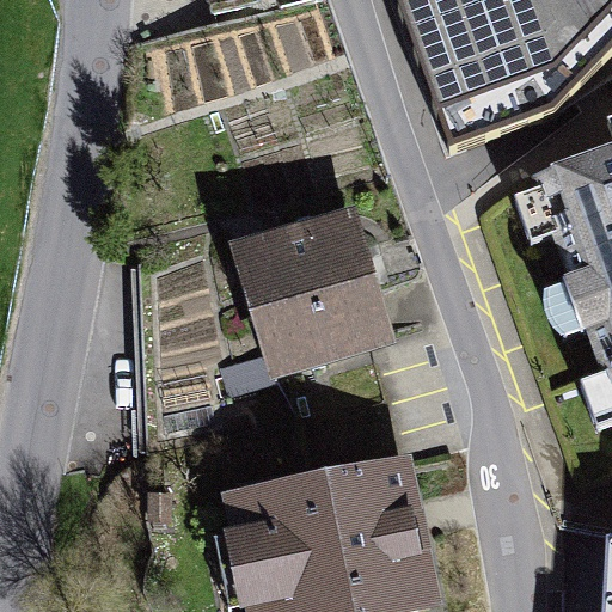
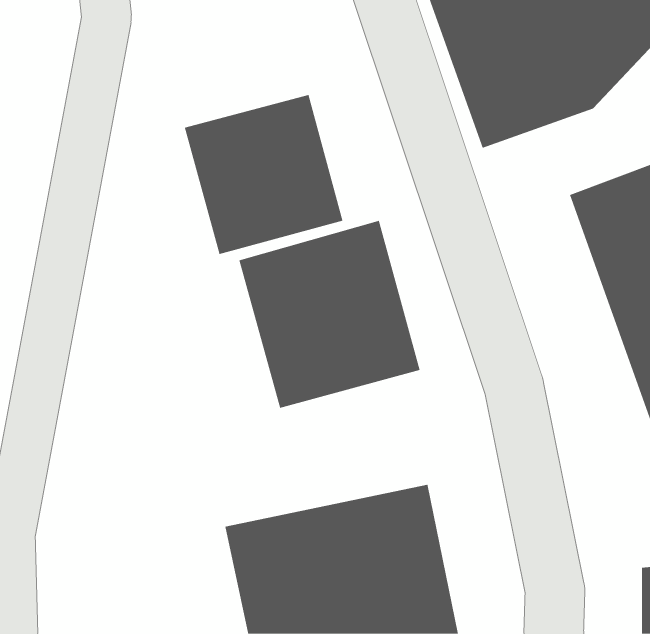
building: none -> [184,94,343,255]

